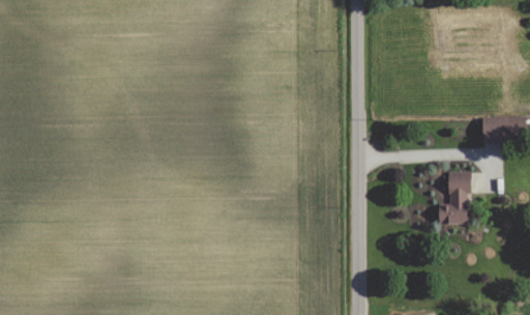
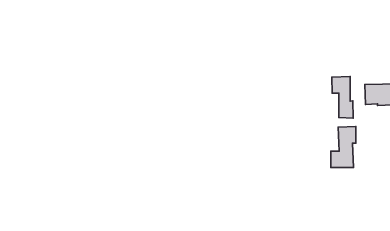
building: none -> [332,77,353,118]

